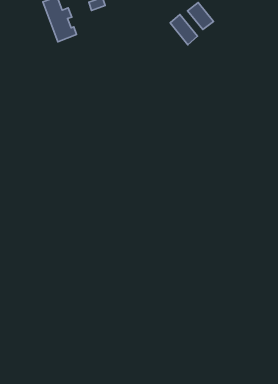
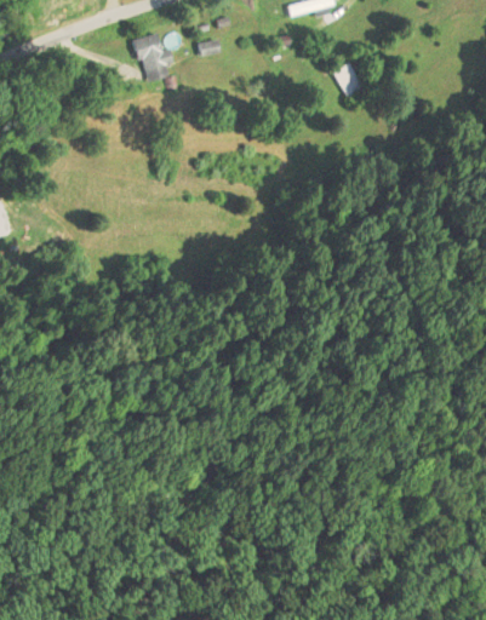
building: [170,14,198,45] -> none

